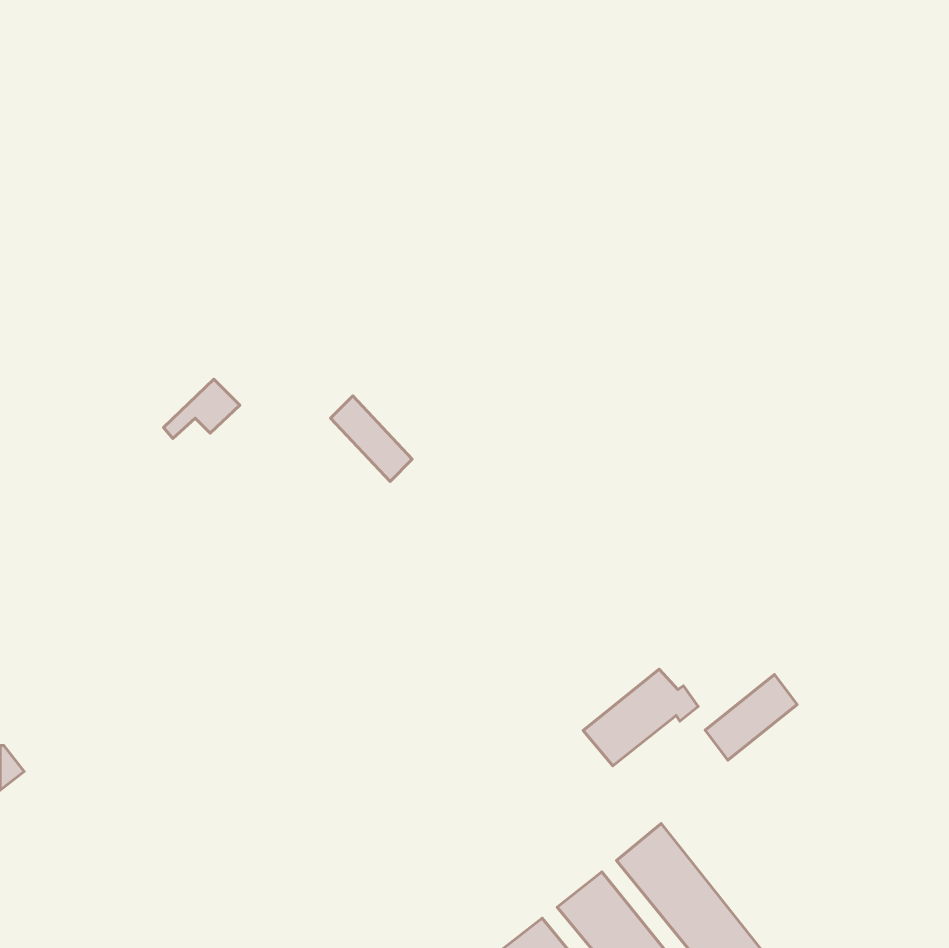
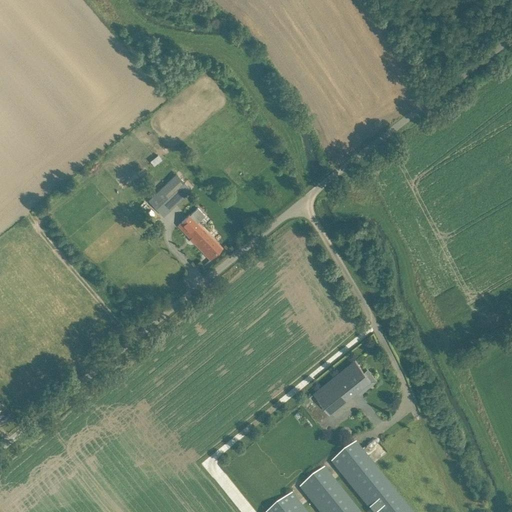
building: [164,379,240,439] -> [149,174,190,206]
building: [705,675,797,760] -> none

